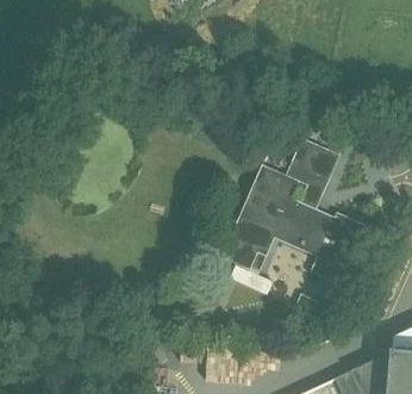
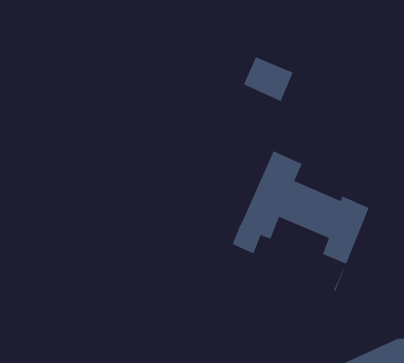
building: [289,140,338,185] -> [243,57,293,102]

